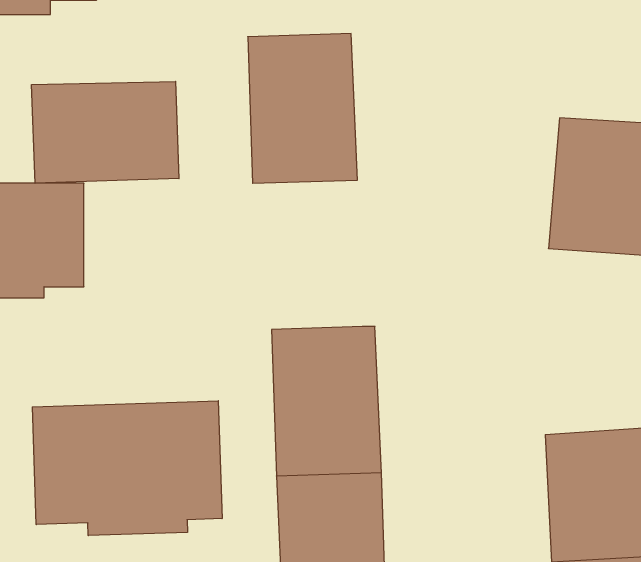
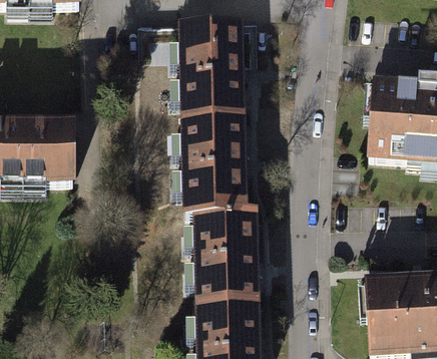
building: [32,81,179,183] -> none
building: none -> [178,116,248,211]
building: [32,401,222,536] -> none

